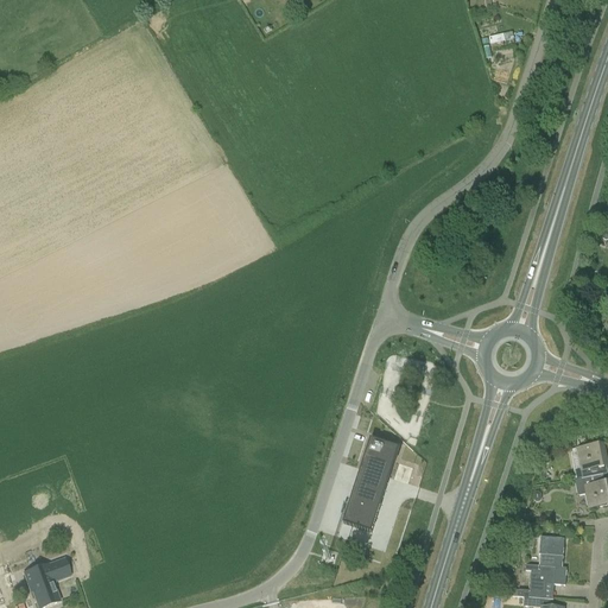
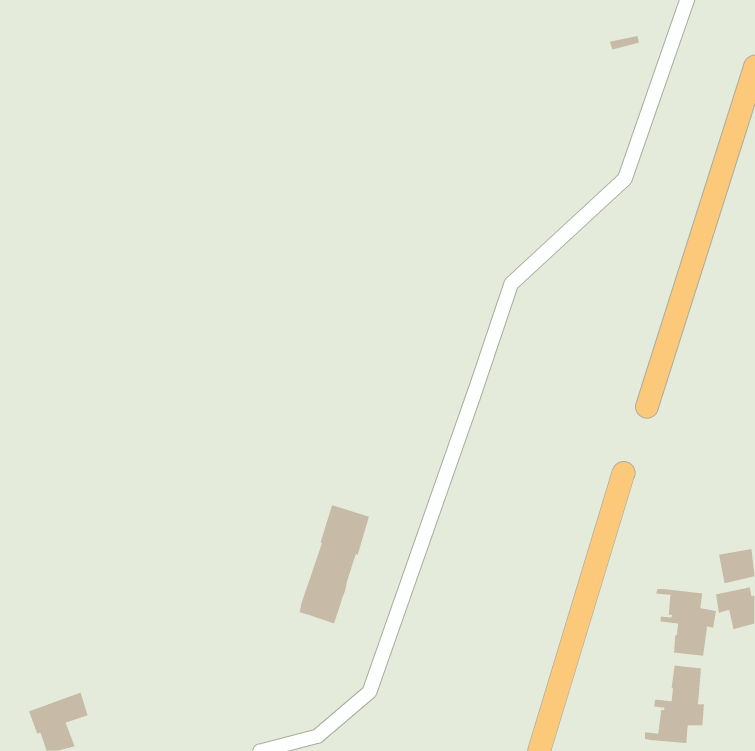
building: [343,435,400,531] -> [299,505,370,624]
building: none -> [656,588,716,656]

